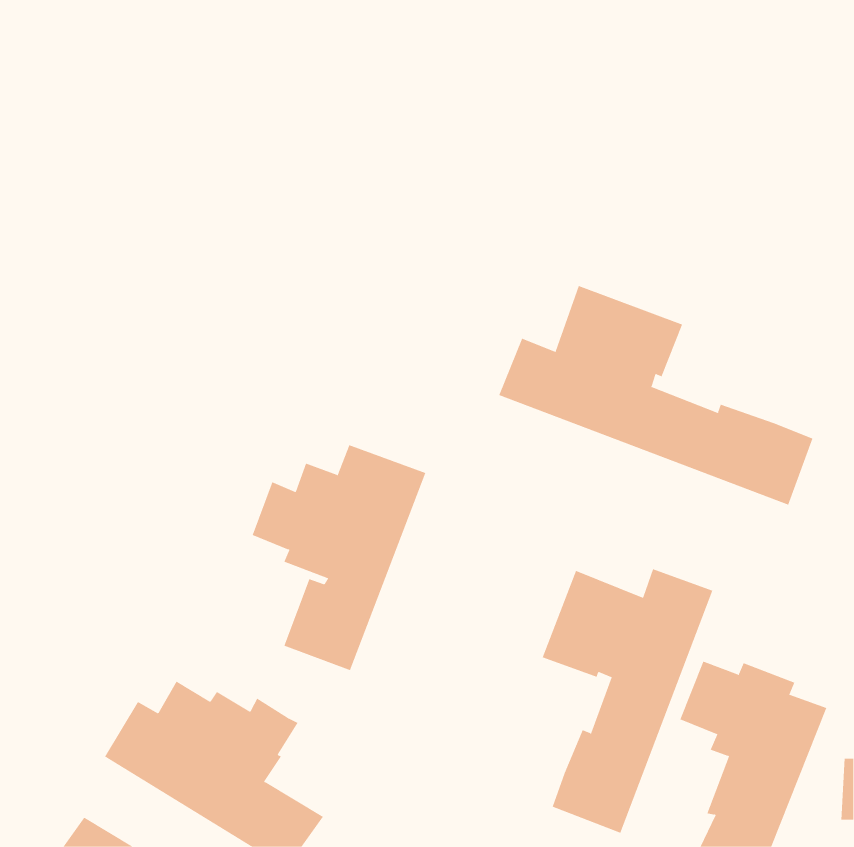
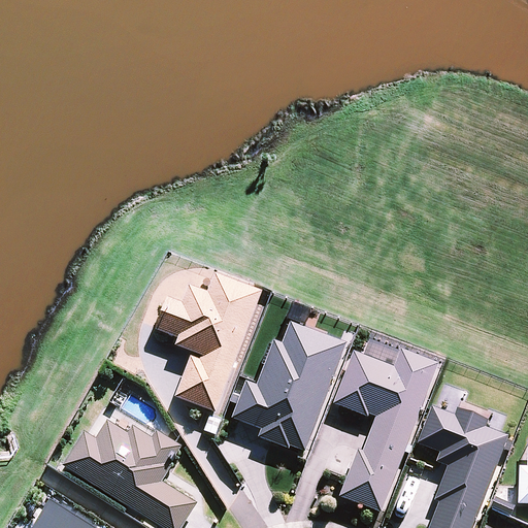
building: [499,285,813,505] -> none
building: none -> [231,323,346,452]

